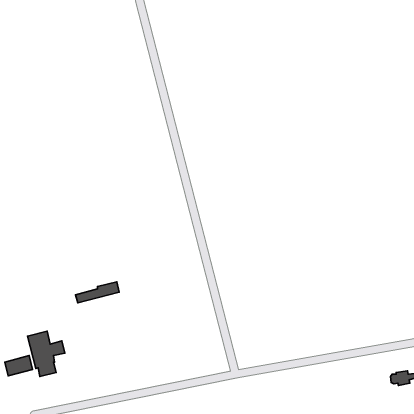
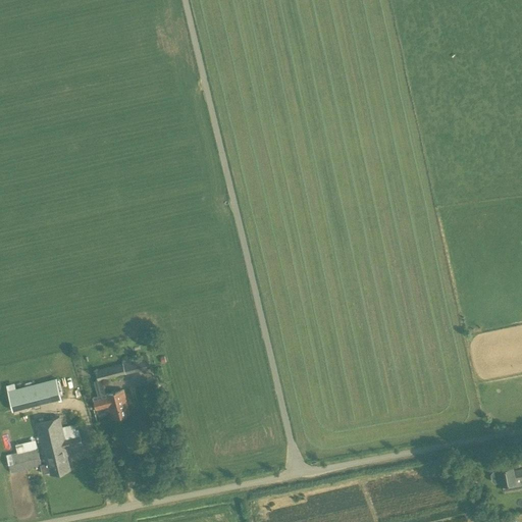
building: none -> [8,379,62,412]
building: none -> [94,390,129,419]

